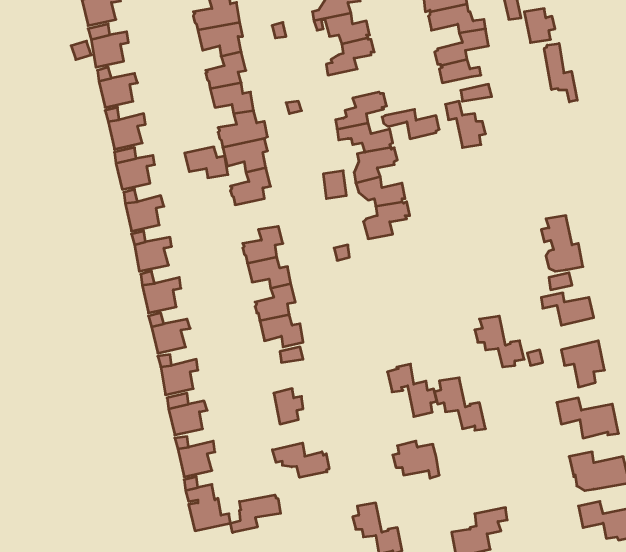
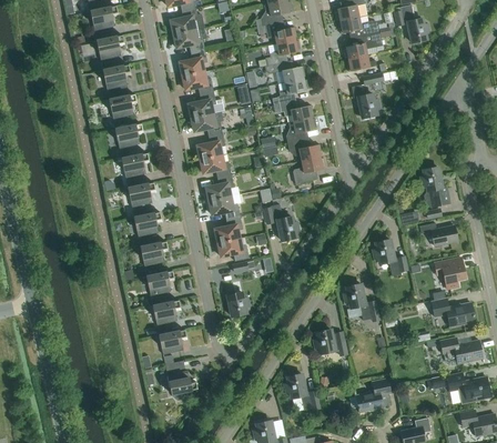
building: [544,43,577,102] -> none
building: [382,109,439,139] -> [264,61,305,82]
building: [185,147,228,178] -> [200,154,231,177]
building: [387,364,437,417] -> [263,203,298,241]
building: [272,443,329,477] -> none
building: [230,495,281,533] -> none

